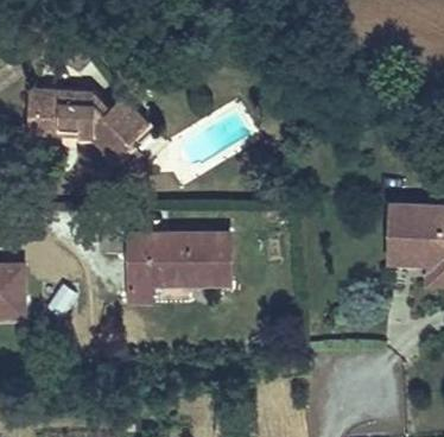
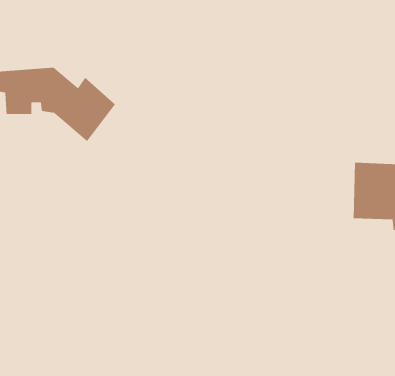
building: [125,235,222,289] -> none

